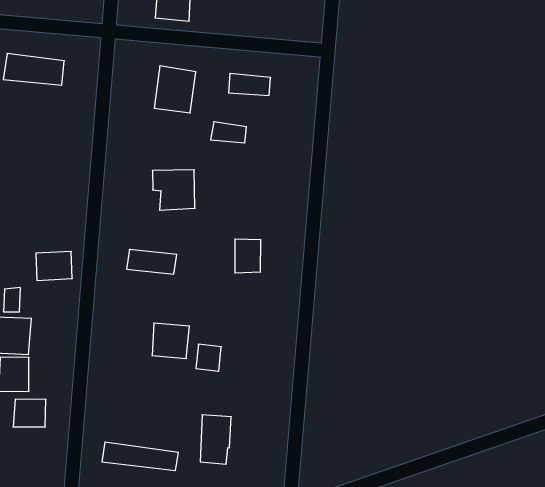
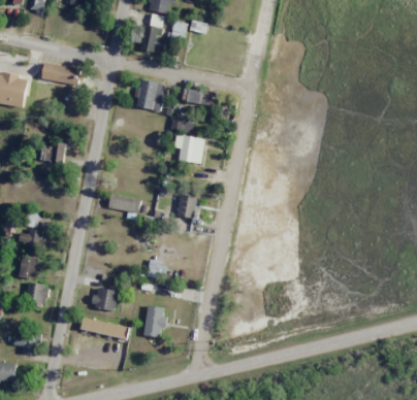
building: [152,170,195,210] -> [175,135,203,162]
building: [36,251,72,280] -> [41,143,65,162]
building: [152,323,189,359] -> [93,287,119,311]

